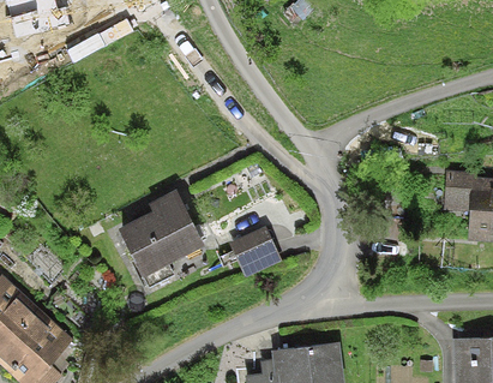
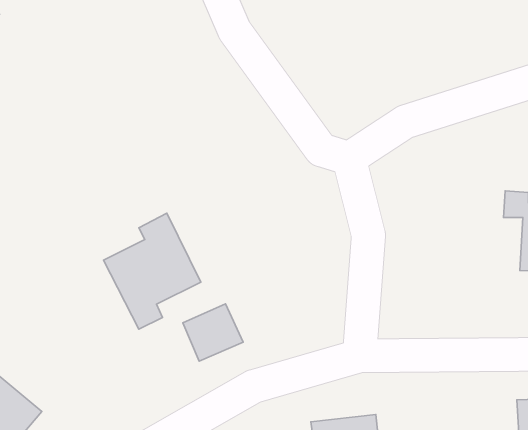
building: [229,227,278,274] -> [183,304,243,361]

